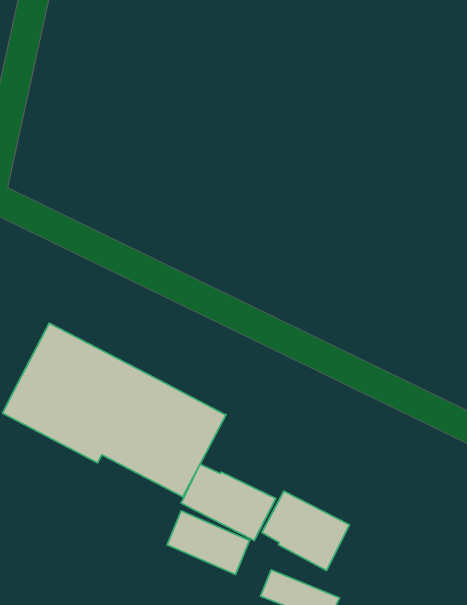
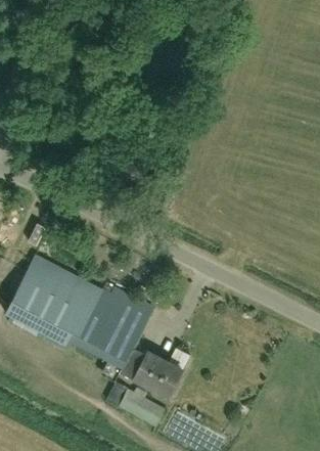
building: [262,491,350,571] -> none

